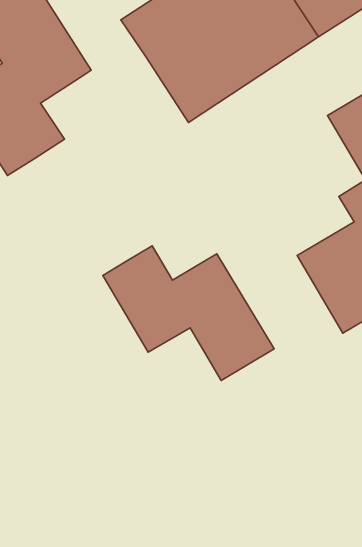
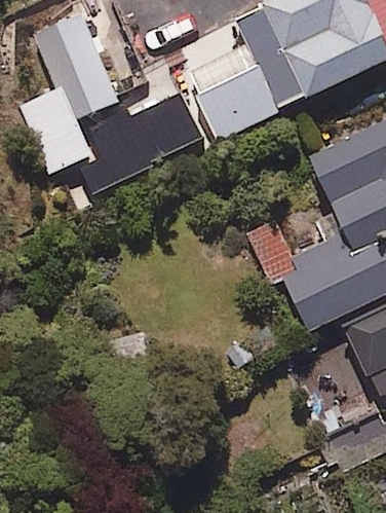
building: none -> [72,96,198,206]
building: [103,246,274,380] -> none

